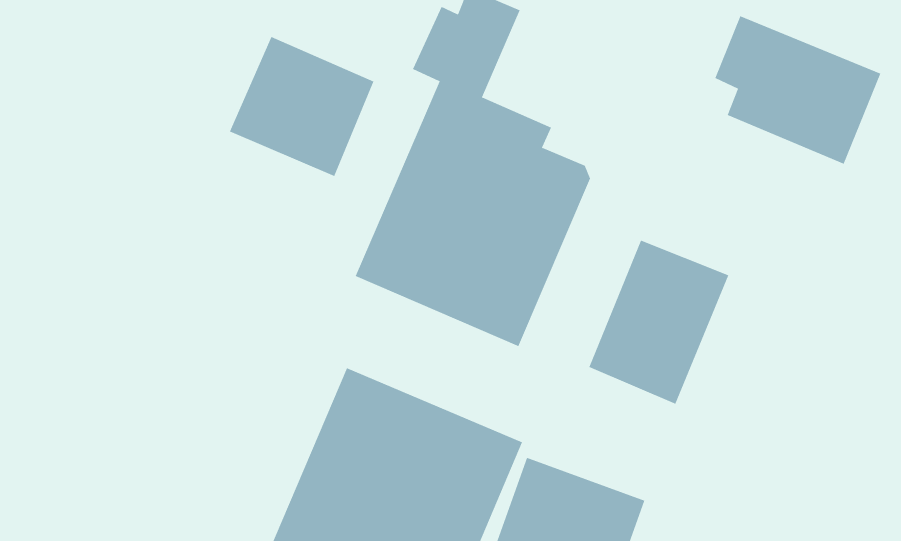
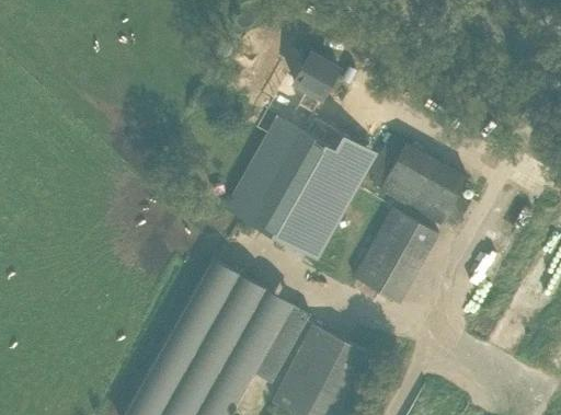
building: [715,16,881,164] -> [370,136,466,228]
building: [229,36,374,177] -> none

